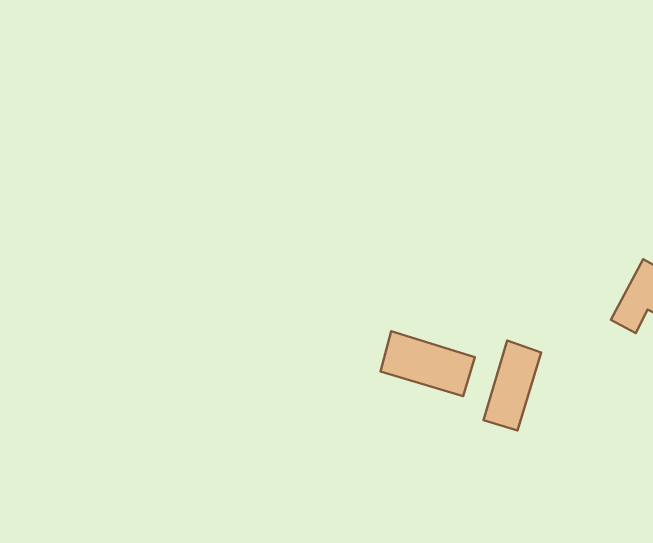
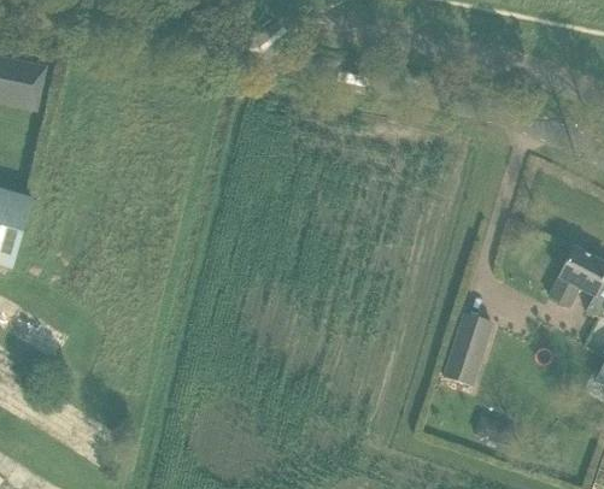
building: [381,331,475,396] -> none

